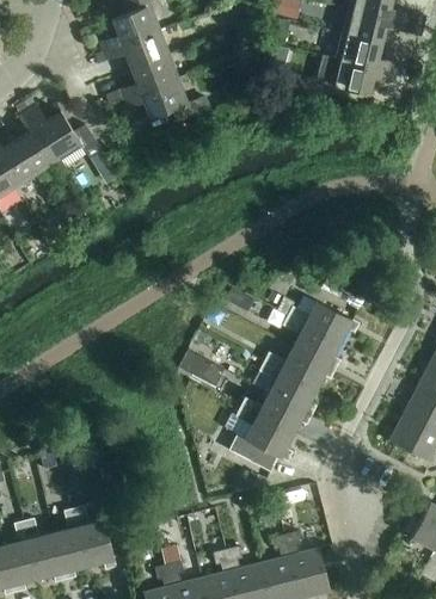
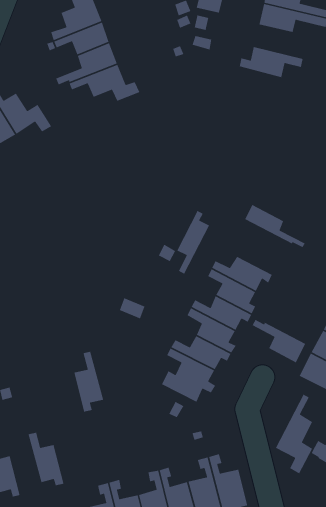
building: [336,33,397,73] -> none
building: none -> [244,204,306,248]
building: none -> [176,210,210,275]
building: none -> [252,319,306,363]
building: none -> [275,393,313,475]
building: [53,508,88,580] -> [73,351,104,412]

